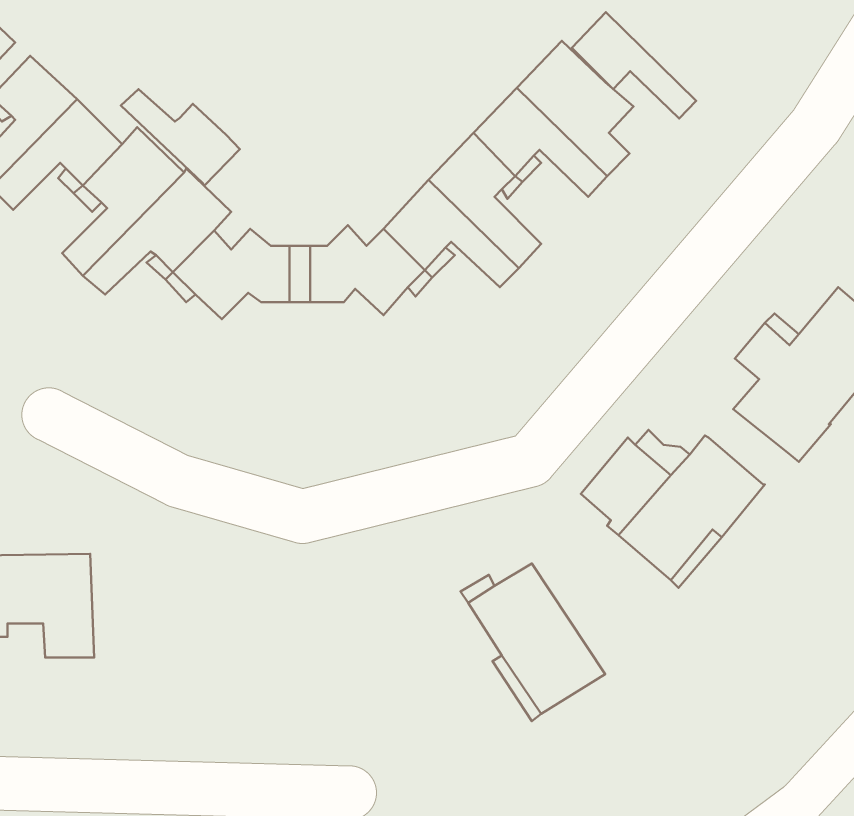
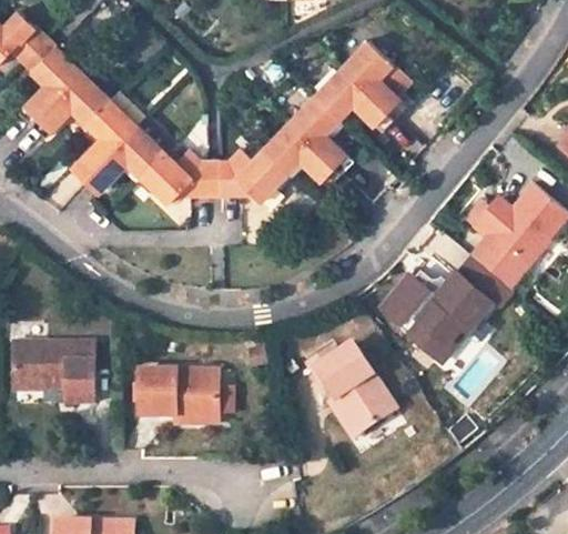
building: [572,12,696,119] -> none
building: [121,89,240,186] -> none
building: none -> [456,254,503,300]
building: none -> [138,371,216,420]

